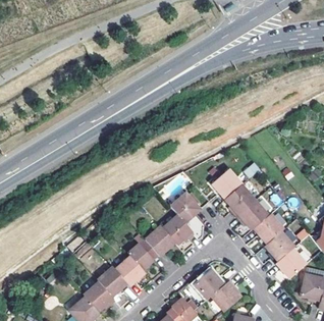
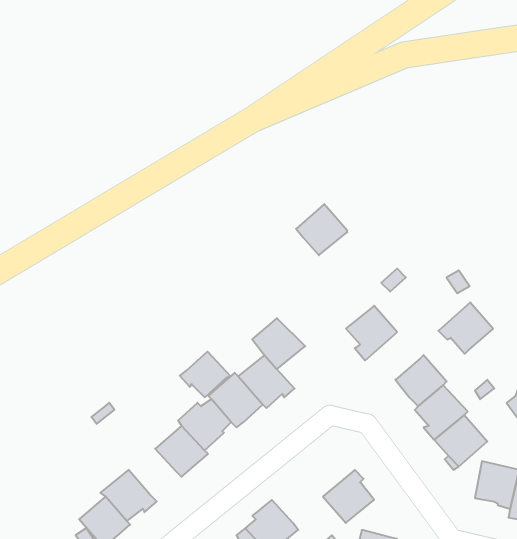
building: [211,169,240,199] -> [296,204,347,255]
building: [235,201,267,230] -> [438,302,493,354]
building: none -> [180,352,231,397]
building: [97,265,126,295] -> none
building: [194,270,223,300] -> none

